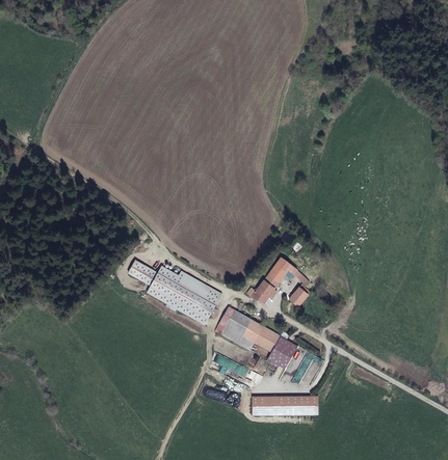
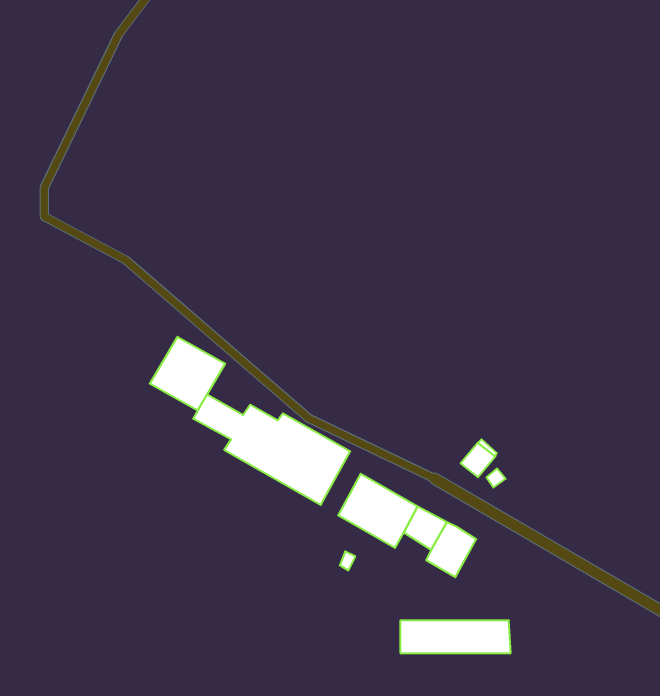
building: none -> [150,337,225,411]
building: [251,259,295,304] -> none

